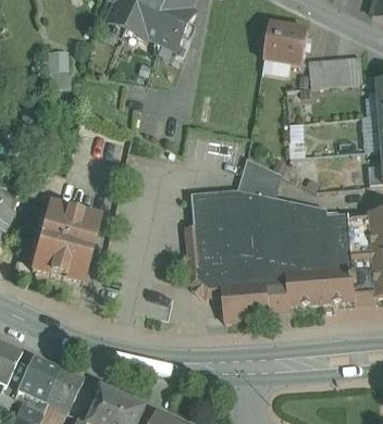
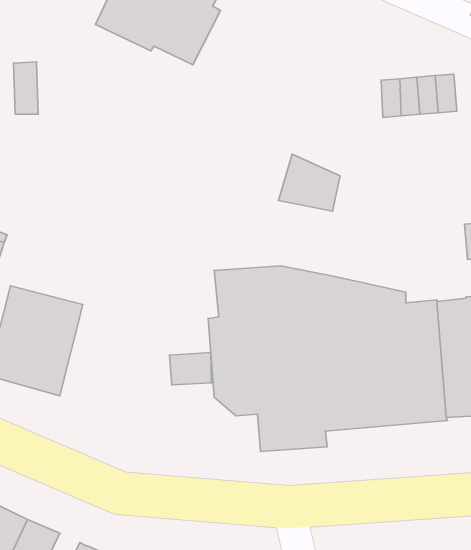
building: [264,22,309,63] -> none
building: [238,157,282,197] -> [278,154,340,211]
building: none -> [169,352,212,385]

